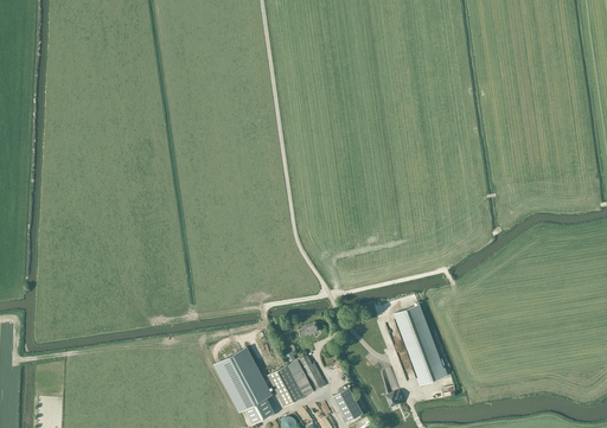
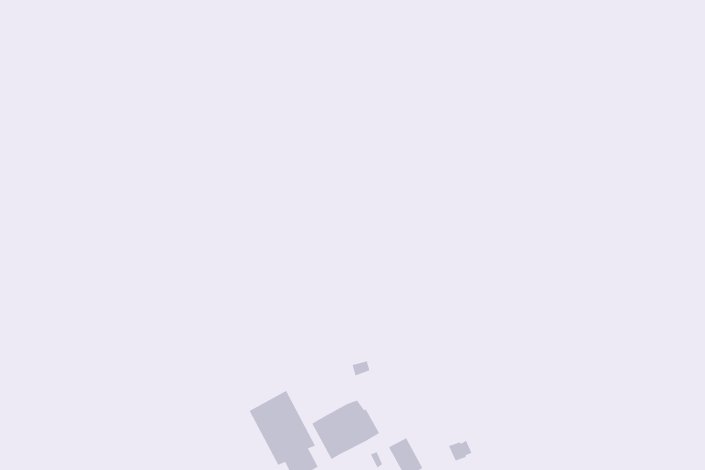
building: [395,305,448,385] -> none

